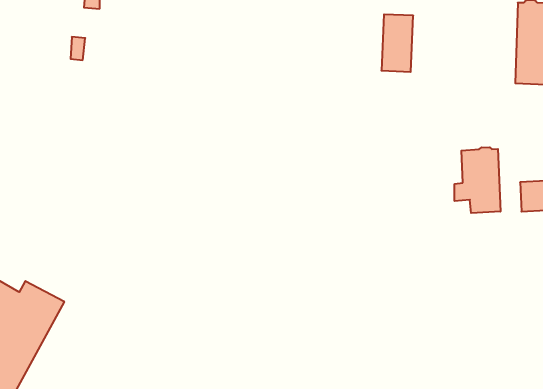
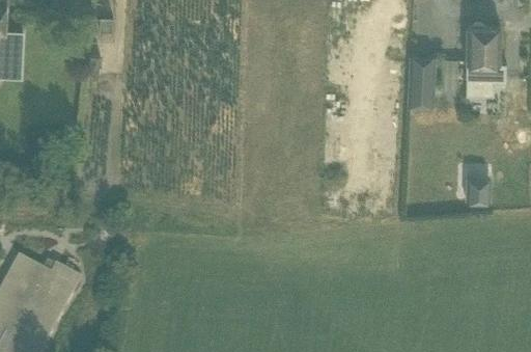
building: [381,14,413,72] -> [408,50,435,99]
building: [455,147,500,213] -> none

